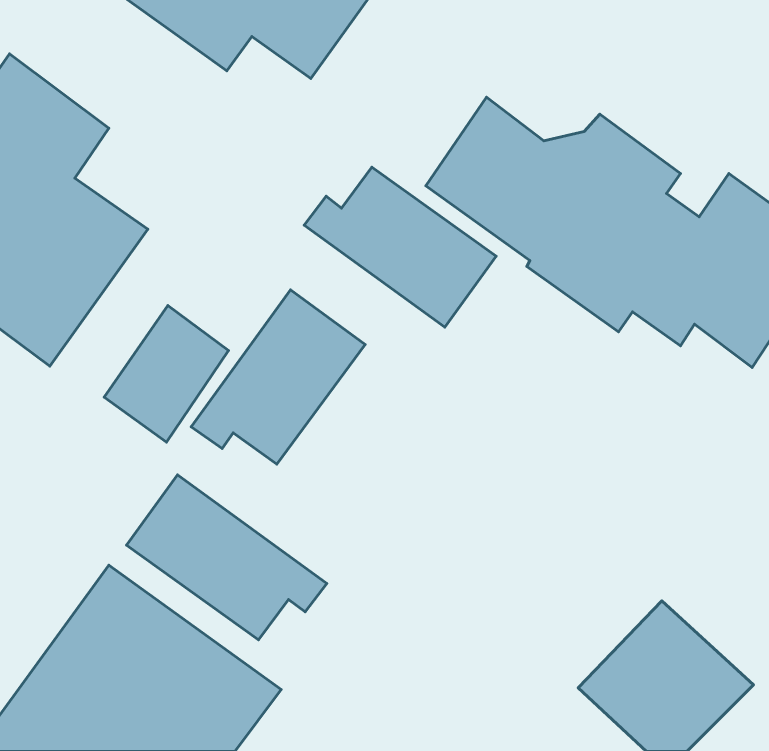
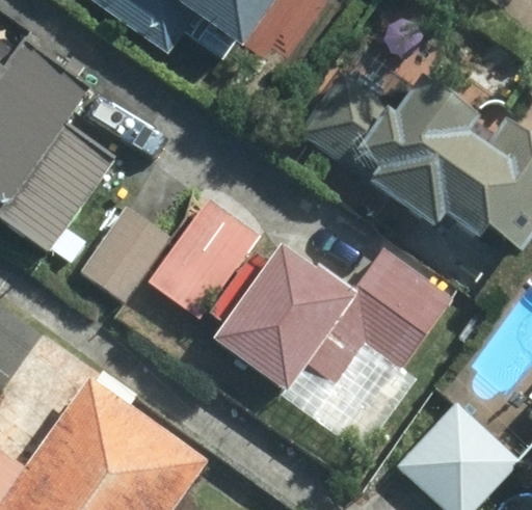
building: [304,167,496,327] -> none
building: none -> [211,250,449,388]
building: [127,475,327,640] -> none

